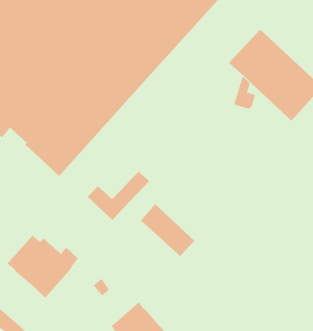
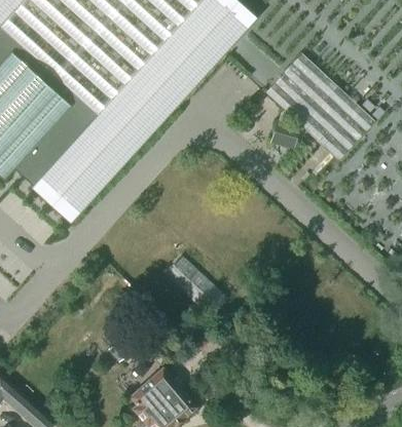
building: [87,171,150,221] -> none
building: [6,235,79,298] -> none

